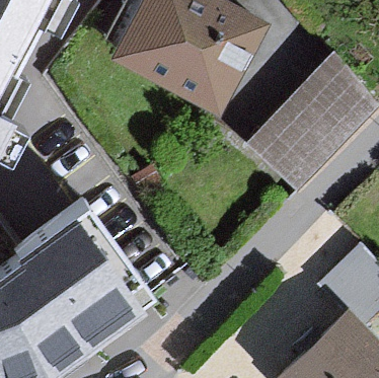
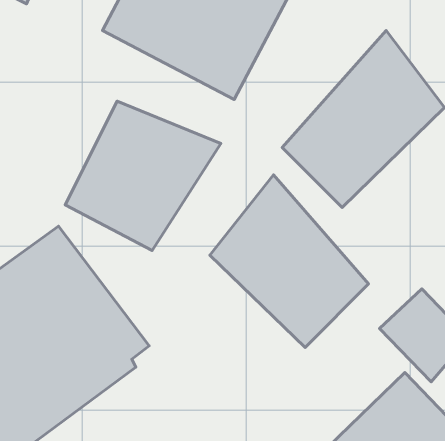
building: none -> [65,101,221,250]
building: none -> [210,175,369,347]

